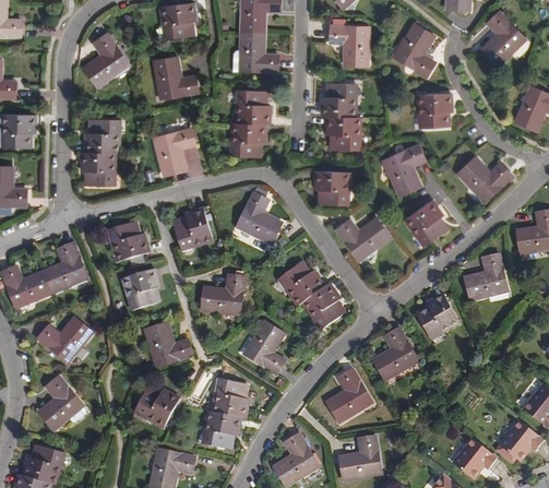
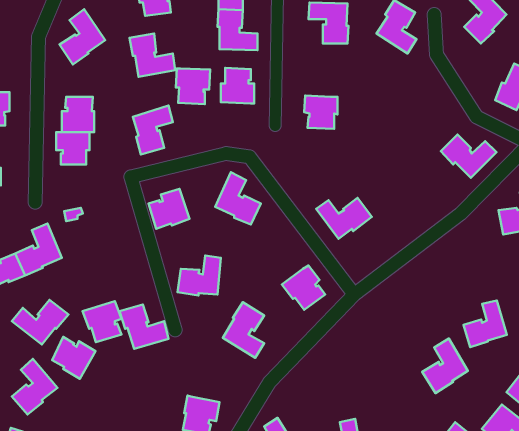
building: [319,82,351,118] -> none
building: [418,93,451,128] -> none
building: [238,123,272,158] -> [176,68,210,104]
building: [384,144,425,197] -> none
building: [314,170,348,204] -> none
building: [404,199,447,245] -> none
building: [109,222,148,262] -> none
building: [464,254,506,300] -> [463,301,507,347]
building: [281,261,323,306] -> none
building: [121,269,159,309] -> [83,301,121,342]
building: [416,293,458,335] -> none
building: [372,326,417,380] -> [422,339,468,393]
building: [326,368,371,421] -> none
building: [213,380,249,419] -> none
building: [136,384,179,426] -> [52,337,95,379]

